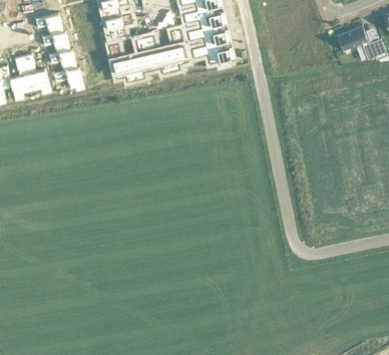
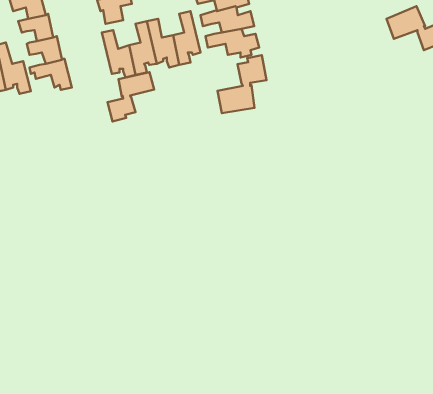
building: none -> [217,55,266,113]
building: none -> [108,72,154,122]

